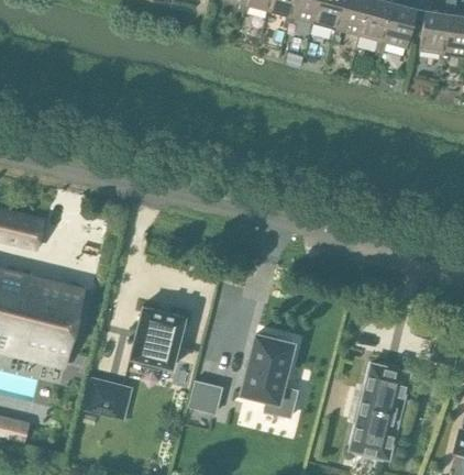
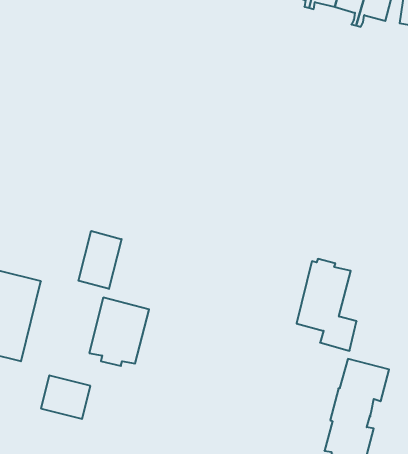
building: none -> [78,231,122,289]
building: [242,332,298,418] -> [297,259,357,351]
building: [189,380,222,413] -> none

